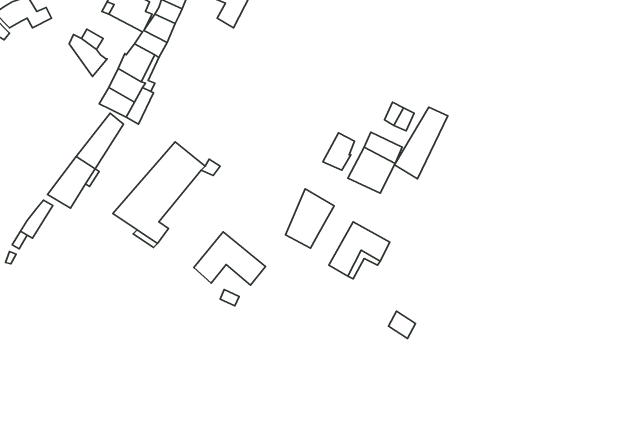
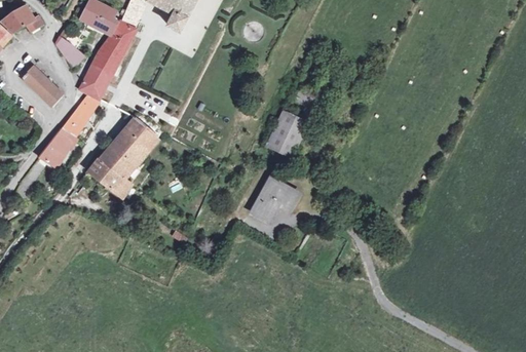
building: none -> [21,65,63,106]
building: [394,107,448,179] -> none
building: [323,133,354,170] -> none
building: [286,189,334,248] -> none
building: [194,232,266,285] -> none

